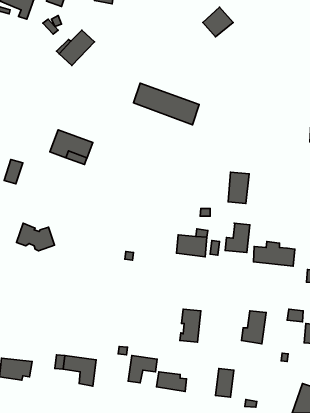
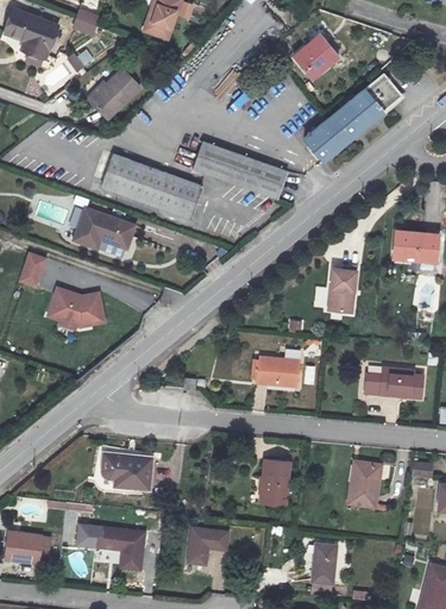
building: none -> [303,73,402,162]
building: none -> [102,155,203,221]
building: none -> [392,232,436,262]
building: [16,223,54,251] -> [42,282,95,321]
building: [225,223,250,253] -> none
building: none -> [101,450,153,488]
building: [157,372,186,391] -> none

